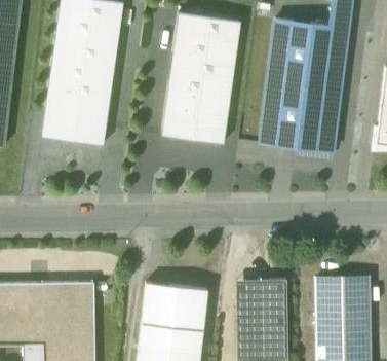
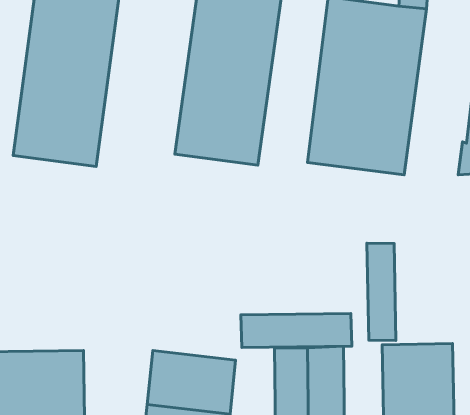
building: none -> [367,243,396,340]
building: none -> [241,313,352,348]

